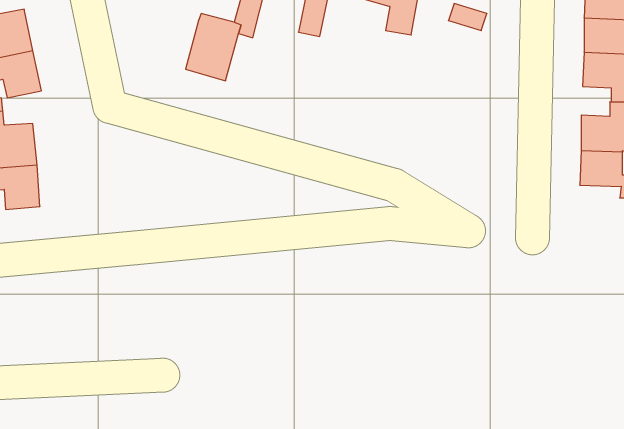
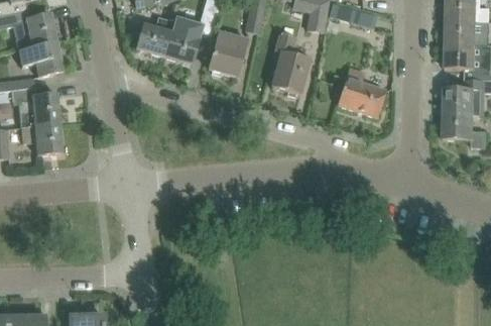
building: none -> [135,16,173,56]
building: none -> [209,31,247,76]
building: none -> [271,31,310,96]
building: none -> [337,67,385,116]

